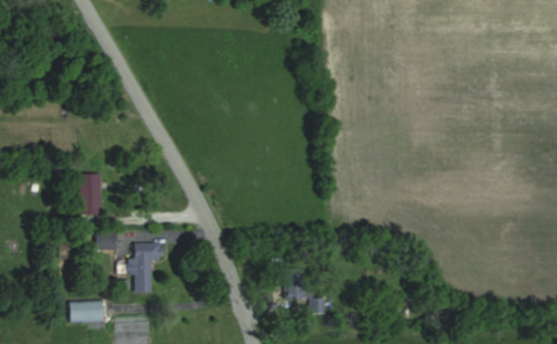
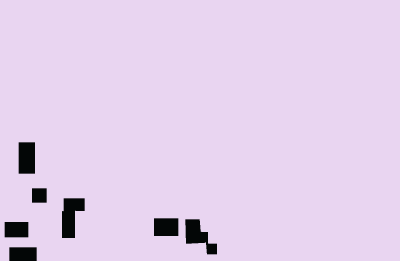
building: none -> [153,217,179,237]
building: none -> [4,221,29,238]

